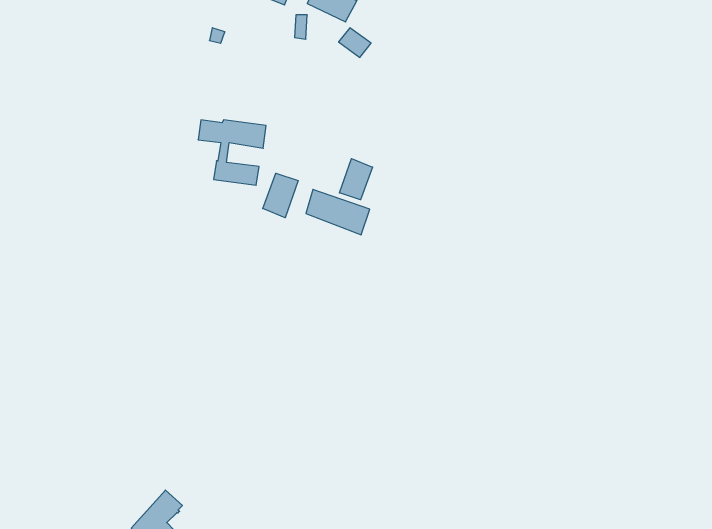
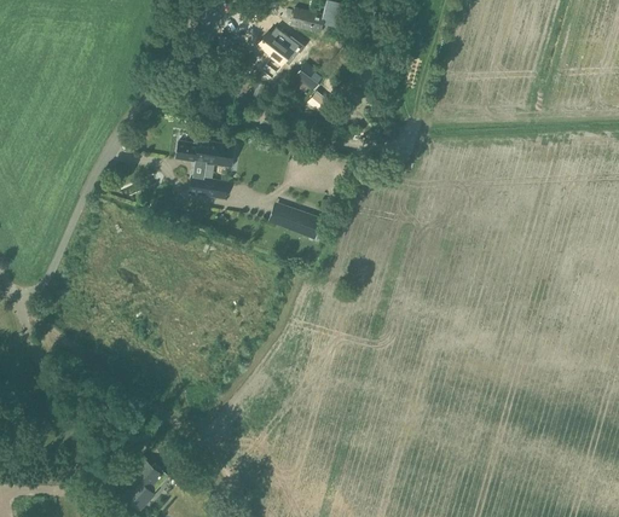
building: [339,159,373,200] -> none
building: [263,173,298,218] -> none

